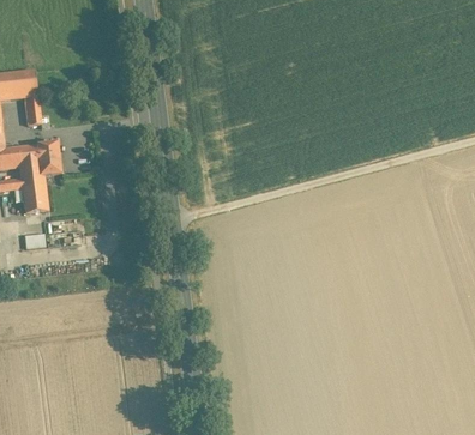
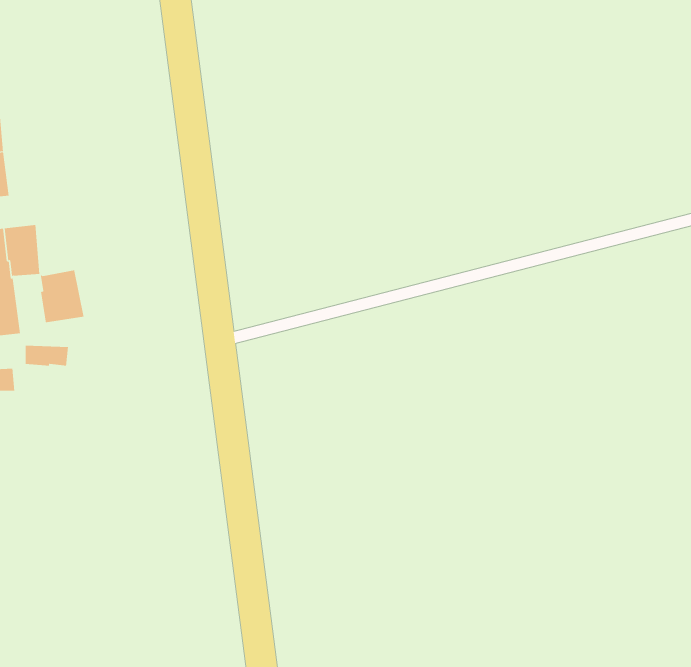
building: none -> [40,269,84,323]

